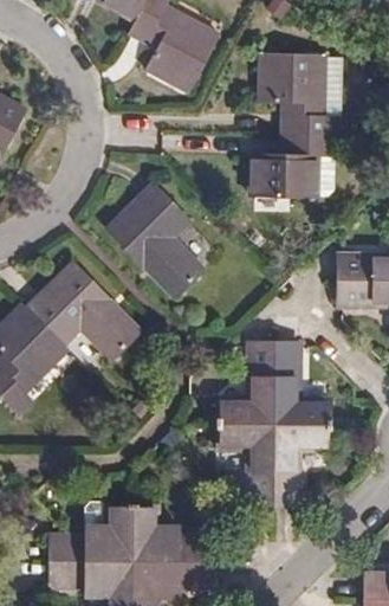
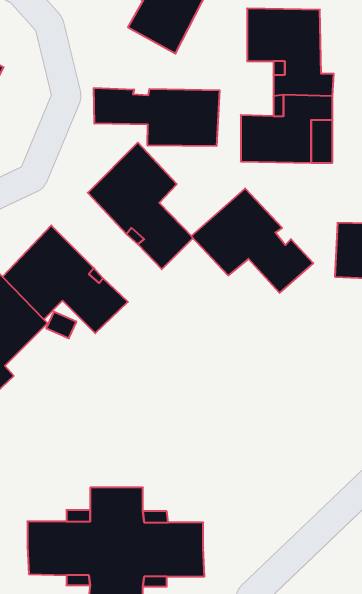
building: none -> [94,88,220,146]
building: none -> [191,188,313,293]
building: [215,341,331,510] -> none

